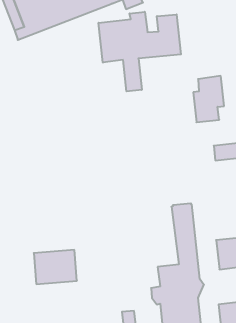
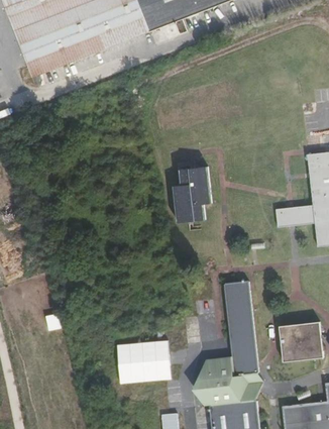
building: [99,12,181,91] -> none
building: [193,76,224,122] -> [173,165,211,222]
building: [34,250,77,284] -> [116,340,170,383]

